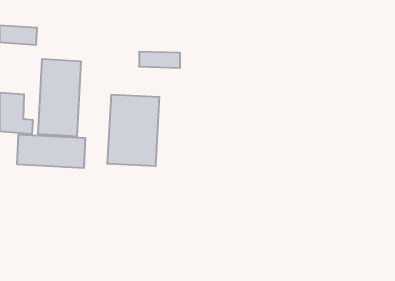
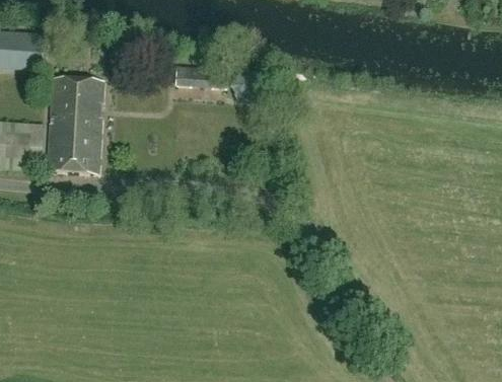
building: [108,95,159,166] -> none
building: [17,134,85,168] -> none

